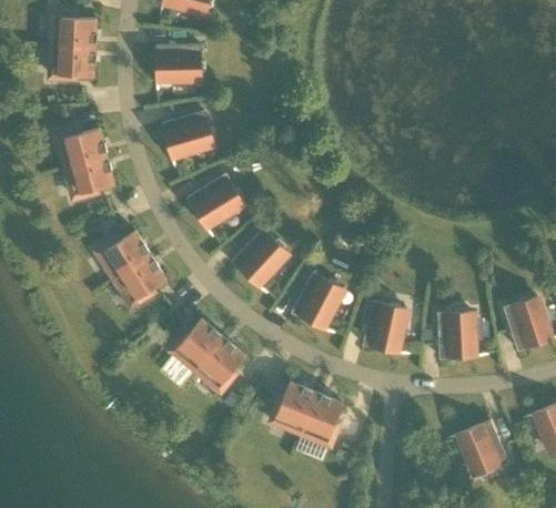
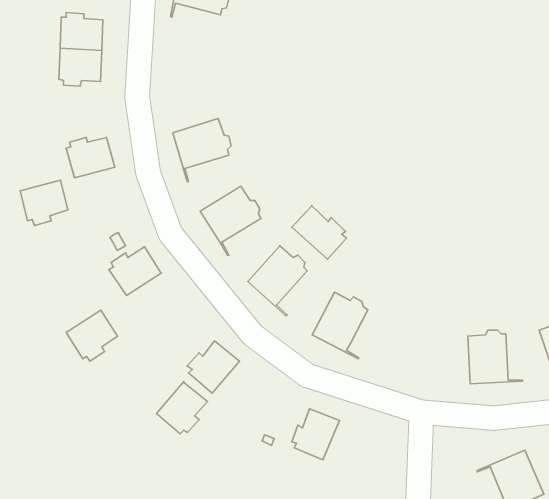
building: [156,45,205,95] -> none
building: [70,158,114,200] -> [20,180,68,225]
building: none -> [292,206,347,259]
building: [119,256,166,304] -> [66,310,117,361]
building: [363,303,411,357] -> none
building: [199,338,246,387] -> [156,381,208,434]
building: [302,394,344,441] -> none

